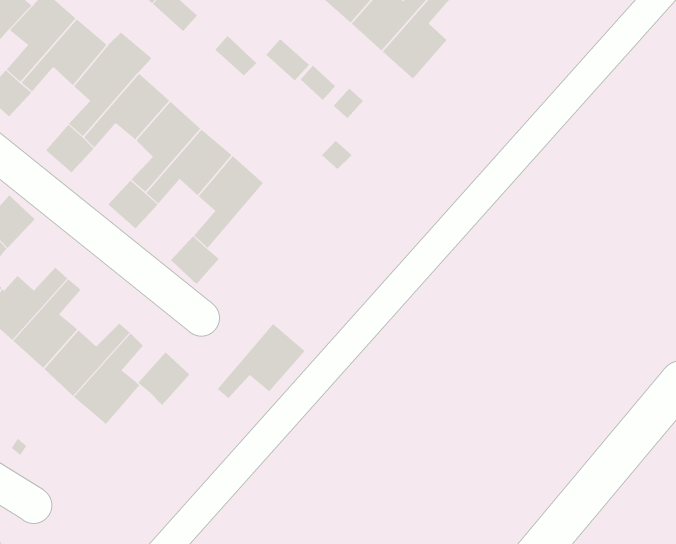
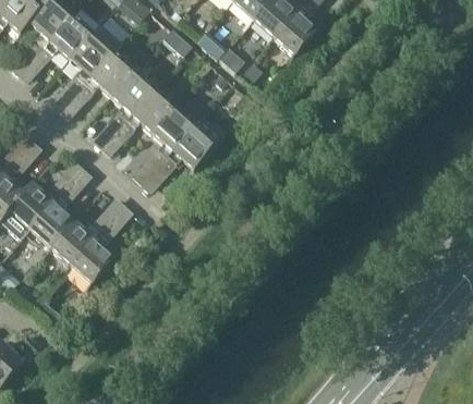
building: none -> [57,158,93,194]
building: [217,323,306,399] -> [158,123,217,173]
building: [138,351,190,406] -> [99,195,134,231]

